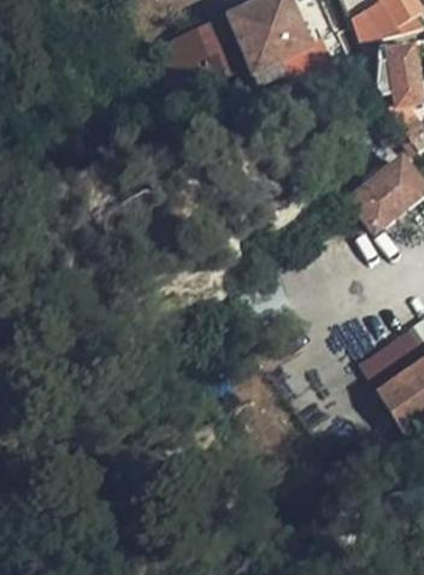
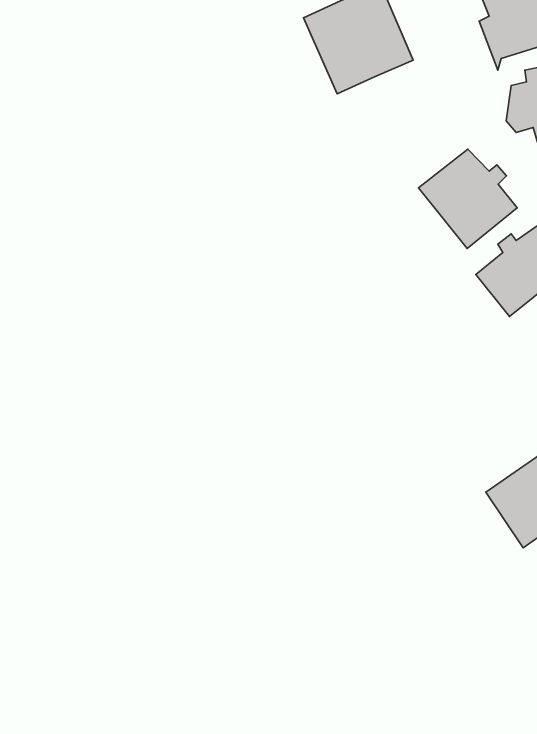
building: [182,24,239,84] -> none
building: none -> [418,149,517,248]

